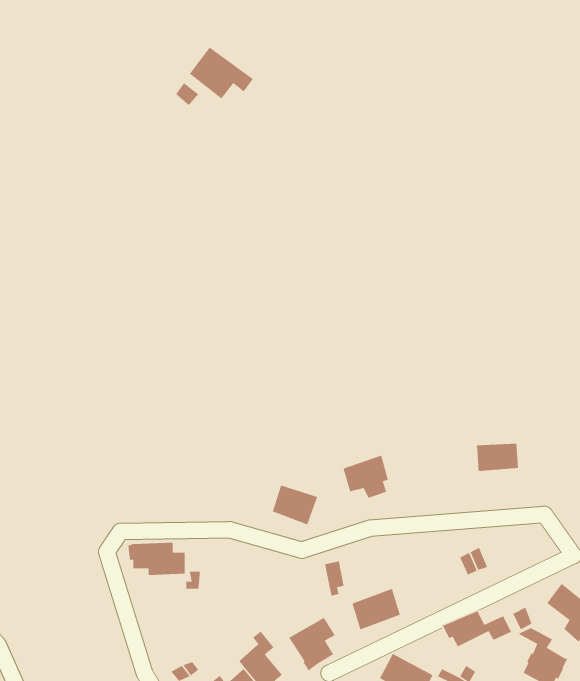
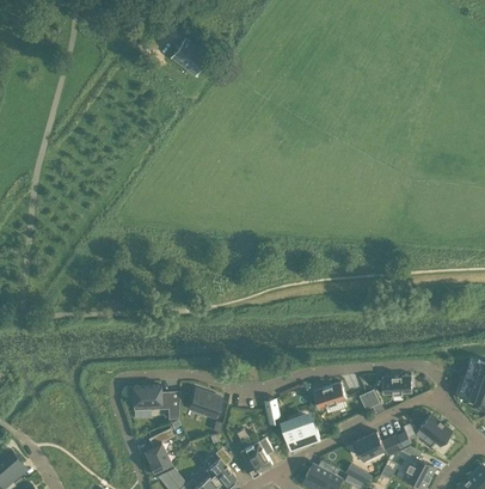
building: [476,443,519,472] -> [381,374,411,395]
building: [343,455,389,499] -> [313,381,345,412]
building: [272,484,318,525] -> [188,389,220,417]
building: none -> [142,427,172,472]

